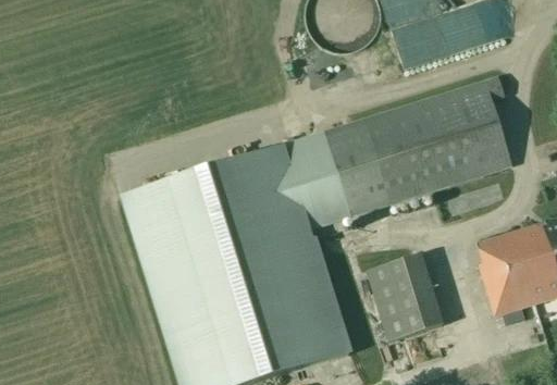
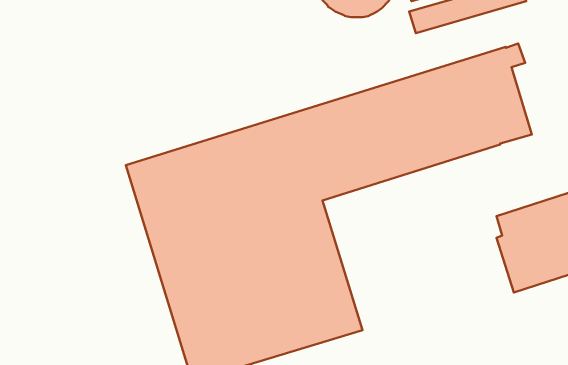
building: [367,253,443,340] -> none

